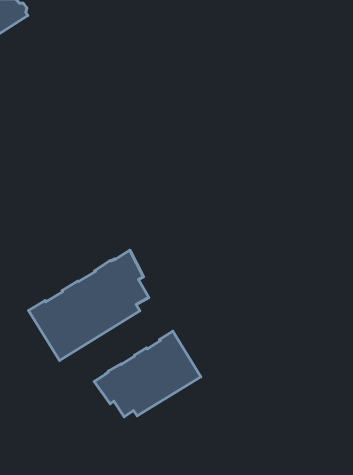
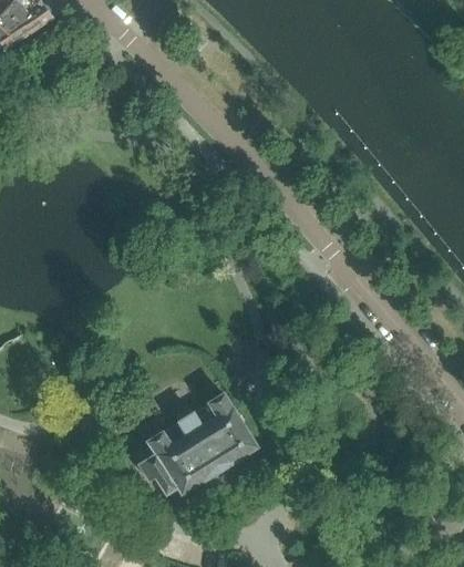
building: [28,250,149,360] -> none

